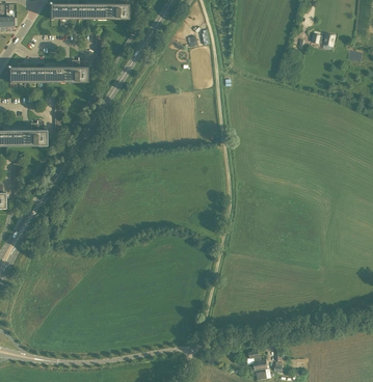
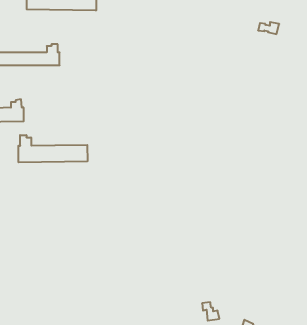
building: none -> [18,135,87,162]

